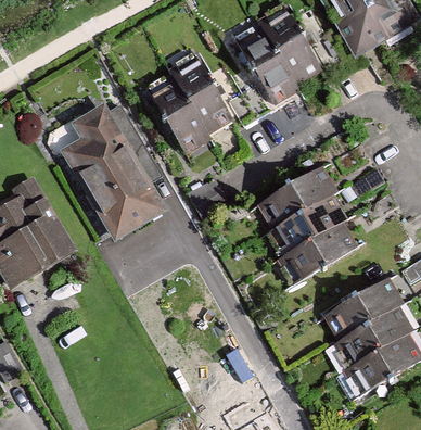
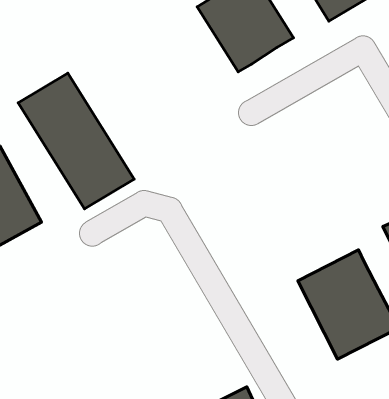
building: [138,56,237,160] -> none
building: [257,165,363,278] -> none

